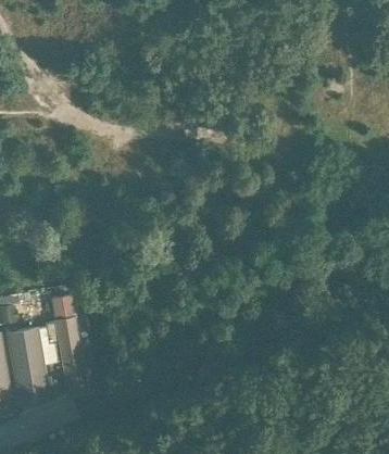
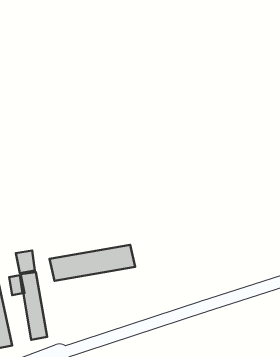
building: none -> [50,245,135,281]

